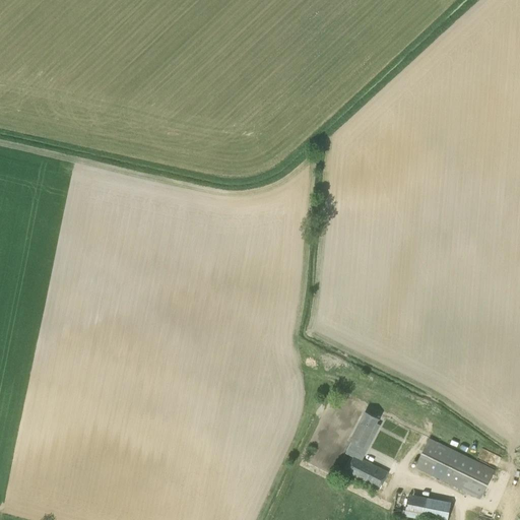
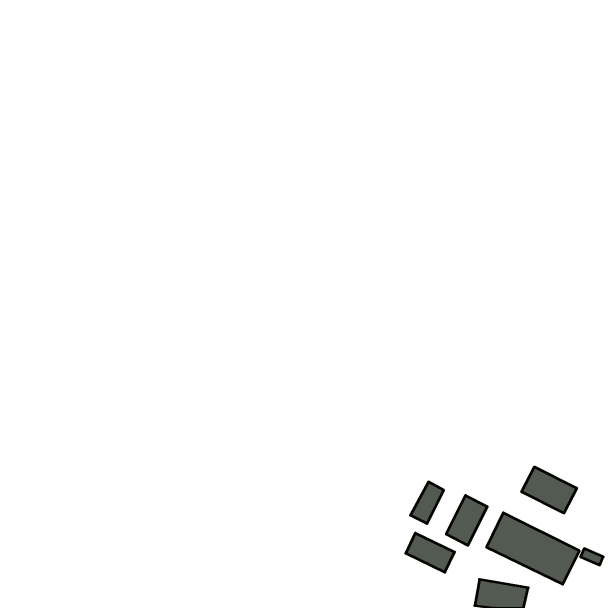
building: none -> [522,467,577,513]
building: none -> [446,495,487,545]

